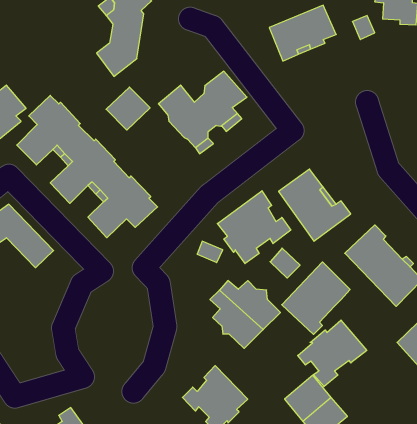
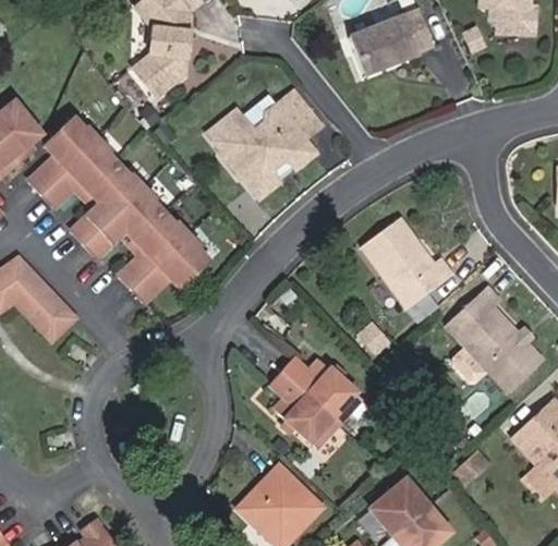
building: [106,87,150,130] -> none
building: [217,191,291,264] -> none
building: [282,262,350,334] -> none
building: [298,320,367,387] -> none

